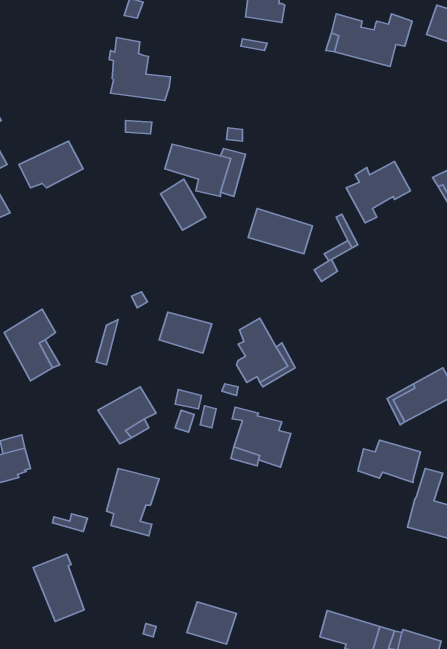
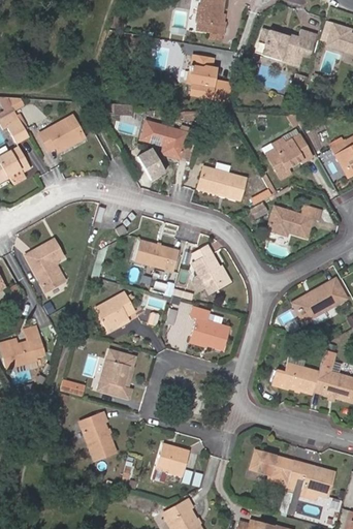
building: [109,37,171,100] -> [188,56,231,100]
building: none -> [268,205,324,237]
building: [358,440,421,482] -> [271,364,316,394]
building: [33,554,84,621] -> [79,412,116,460]

